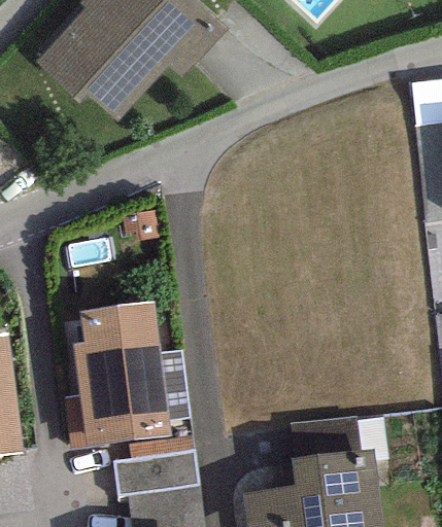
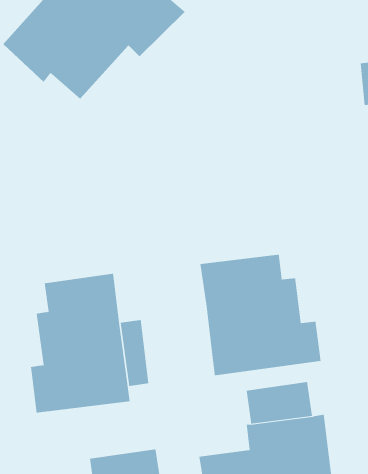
building: none -> [200,254,321,376]
building: [113,437,197,496] -> none

